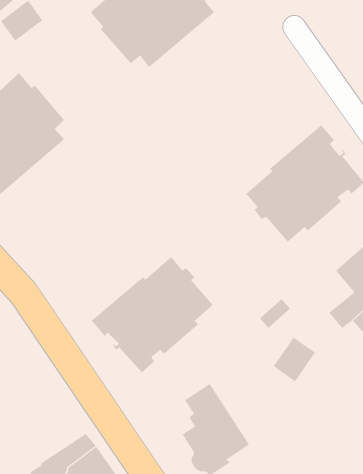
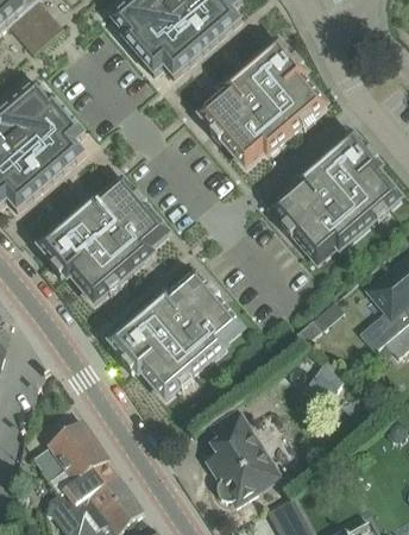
building: none -> [201,43,325,164]
building: none -> [40,180,166,300]
building: none -> [33,418,108,491]

